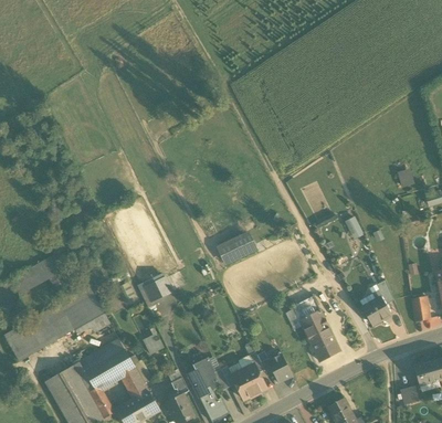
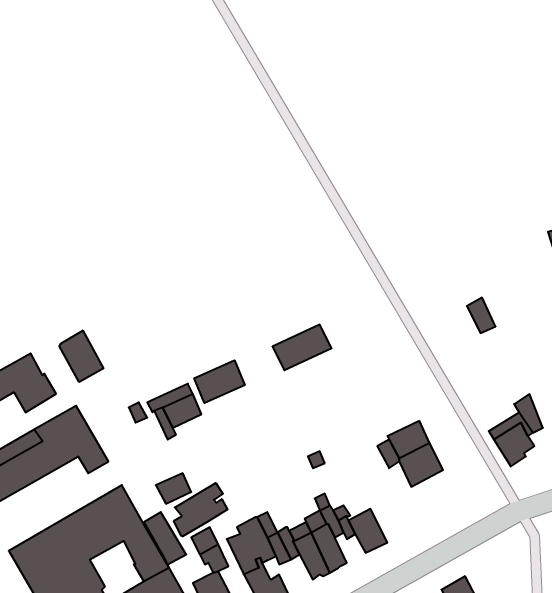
building: none -> [59,330,103,382]
building: none -> [194,360,245,403]
building: [308,329,340,362] -> none
building: none -> [174,483,228,536]

